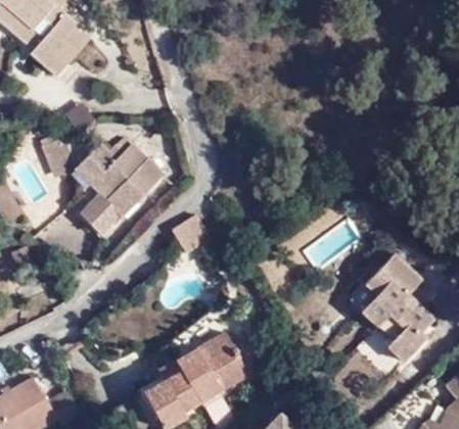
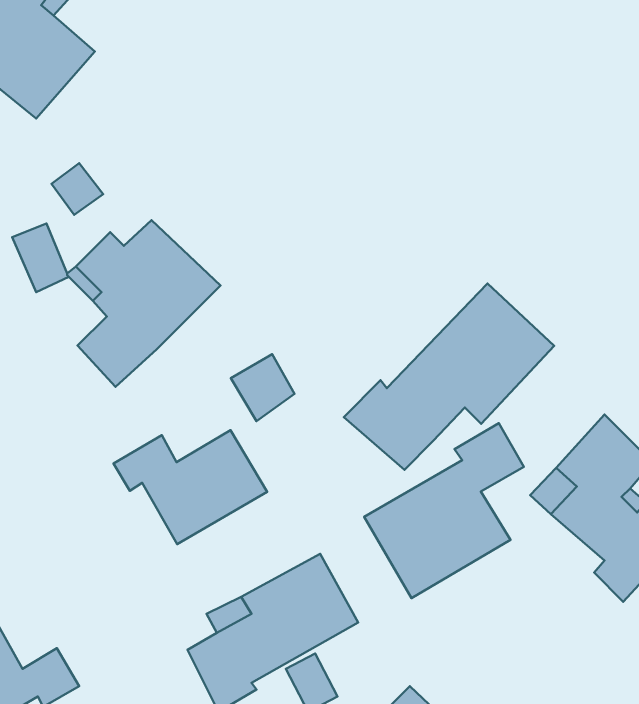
building: none -> [344,284,554,470]
building: none -> [364,423,524,598]
building: none -> [113,430,267,544]

